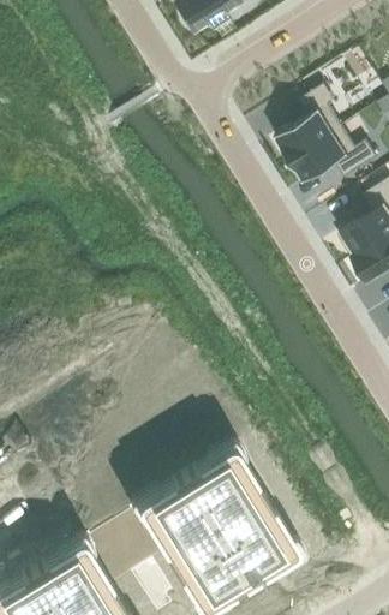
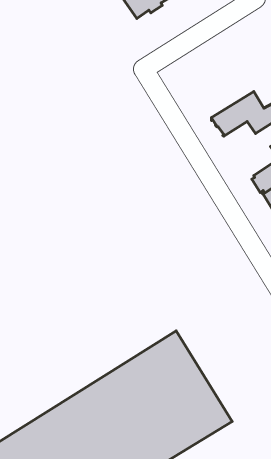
building: [274,91,341,166] -> none

